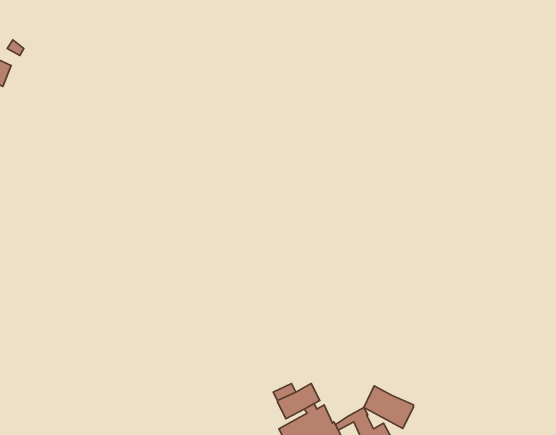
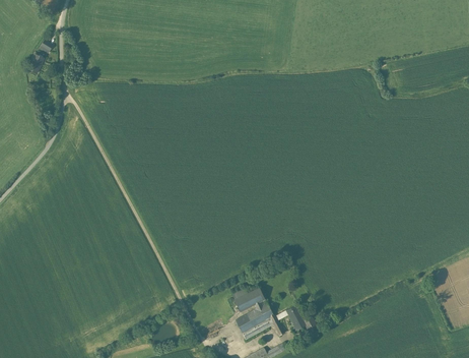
building: [364,386,414,428] -> none

